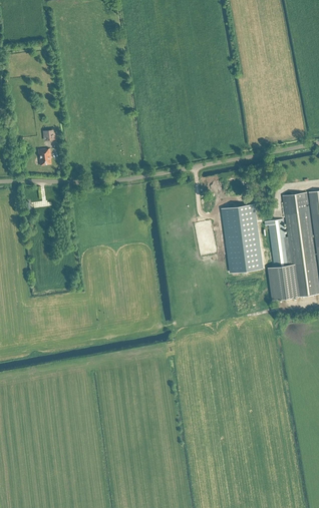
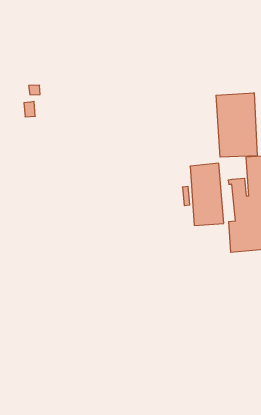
building: none -> [216,93,257,157]

